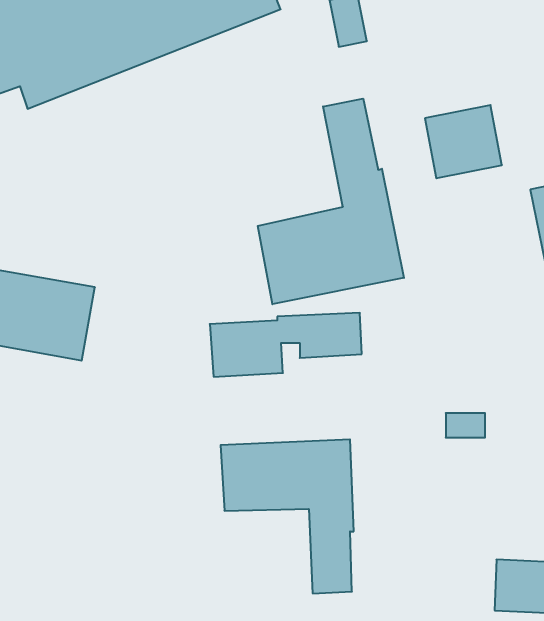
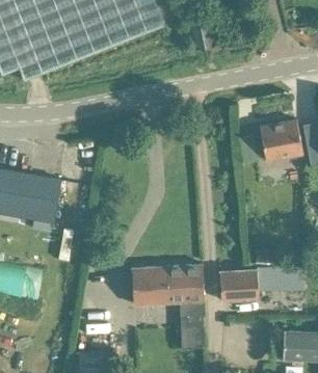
building: [258,99,404,304] -> none
building: [425,105,502,178] -> [260,119,302,160]
building: [210,313,362,377] -> [219,265,303,300]

